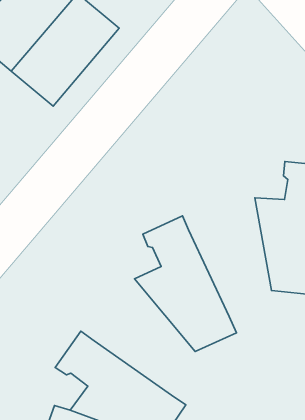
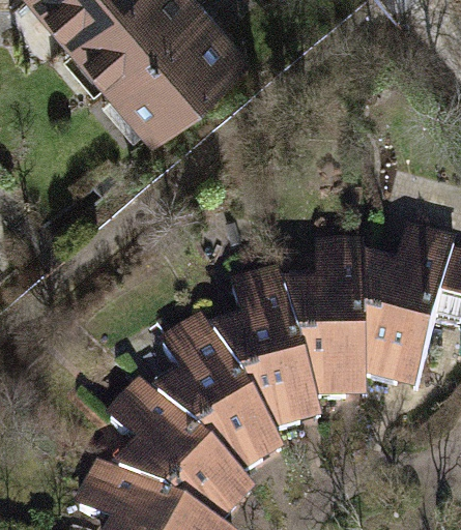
building: none -> [281,248,363,395]
building: none -> [155,321,277,473]

